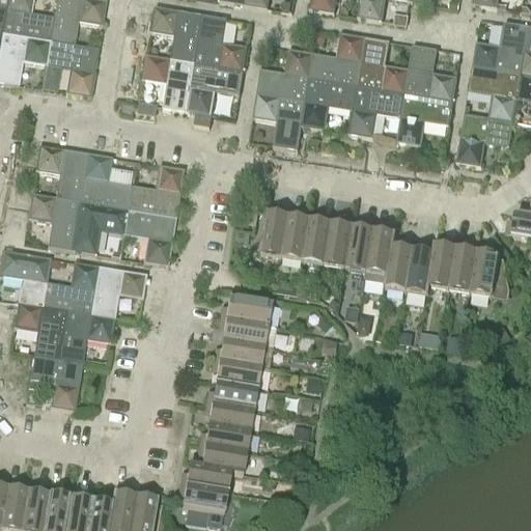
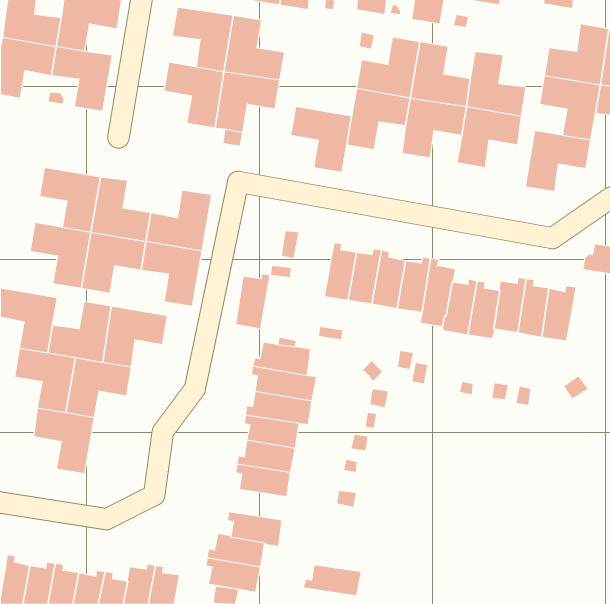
building: [257,48,314,101] -> none
building: [260,209,290,257] -> [236,274,270,329]
building: [199,424,250,451] -> [303,565,362,596]

